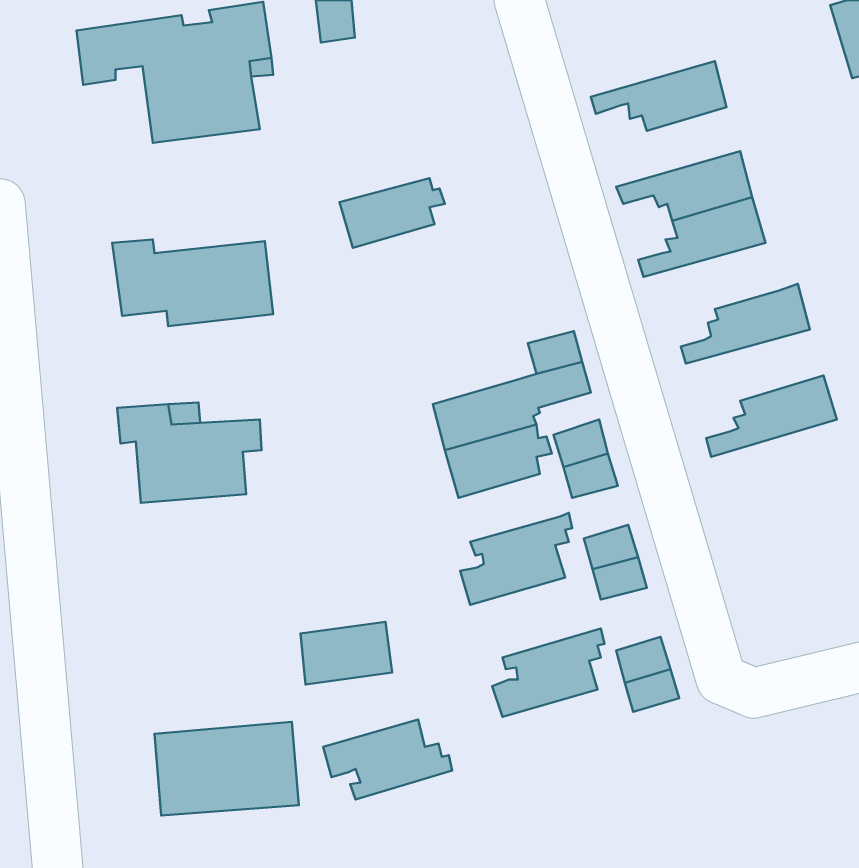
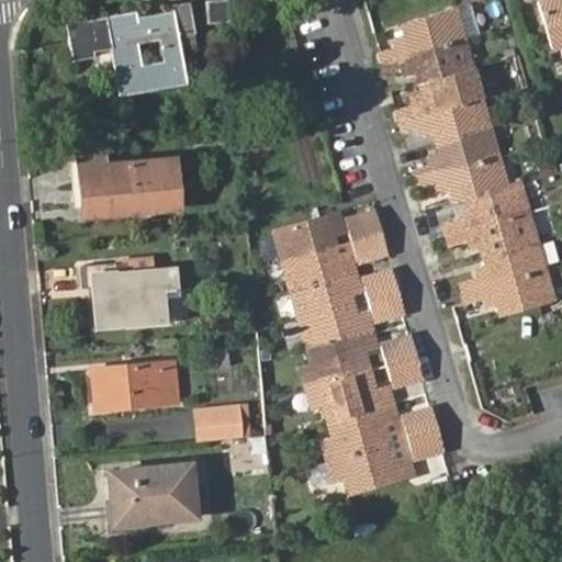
building: none -> [384,11,468,63]
building: none -> [401,69,484,121]
building: [339,178,445,248] -> [277,216,345,261]
building: none -> [422,157,509,203]
building: none -> [449,213,538,259]
building: none -> [465,271,555,316]
building: none -> [302,306,371,350]
building: none -> [94,360,181,411]
building: none -> [310,373,394,425]
building: [323,720,452,799] -> [330,446,414,497]

